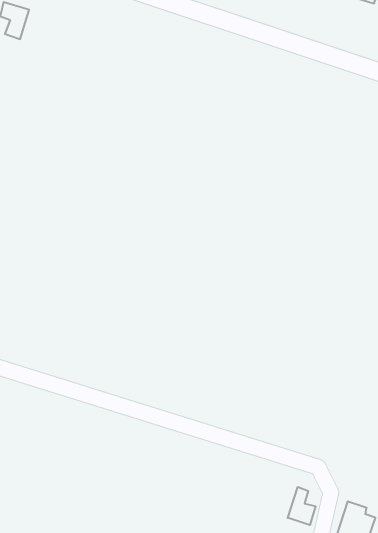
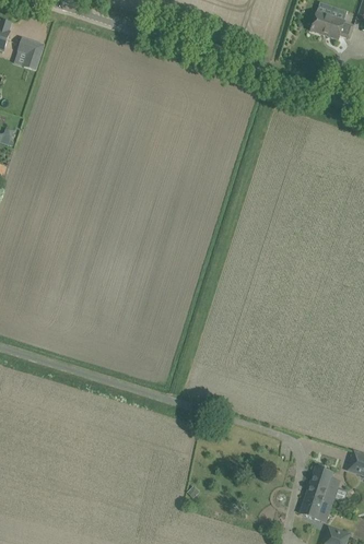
building: [288,487,316,525] -> none

